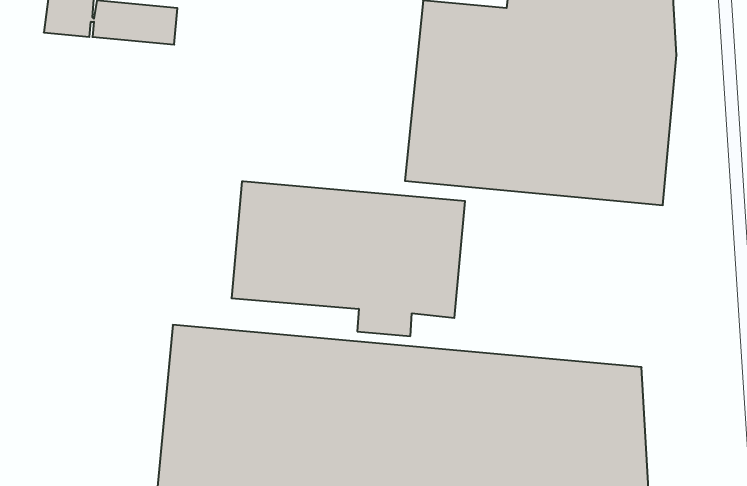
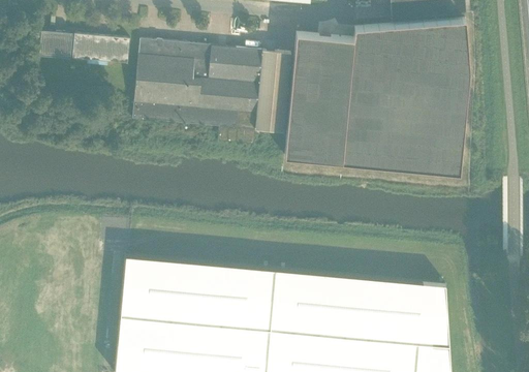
building: [231,181,465,336] -> [131,42,290,148]

